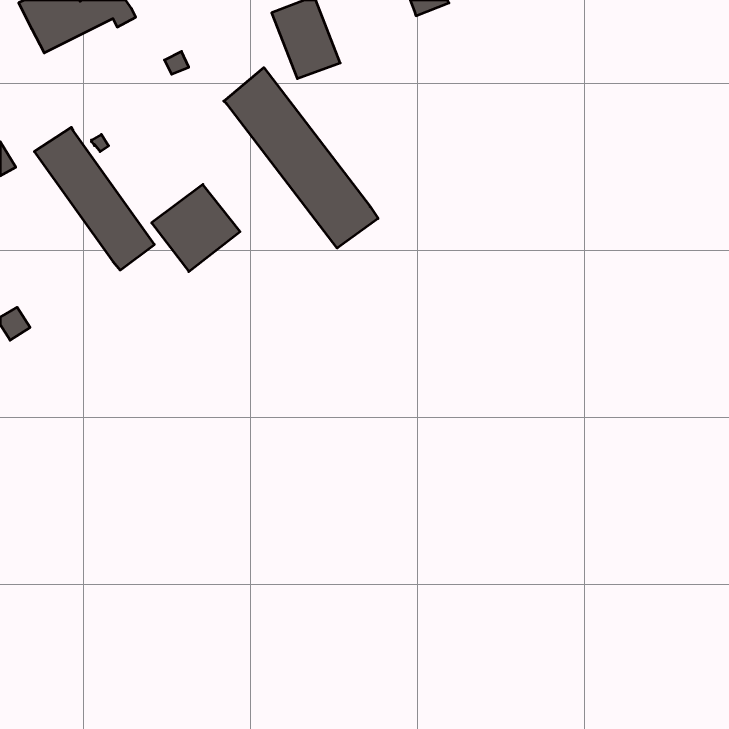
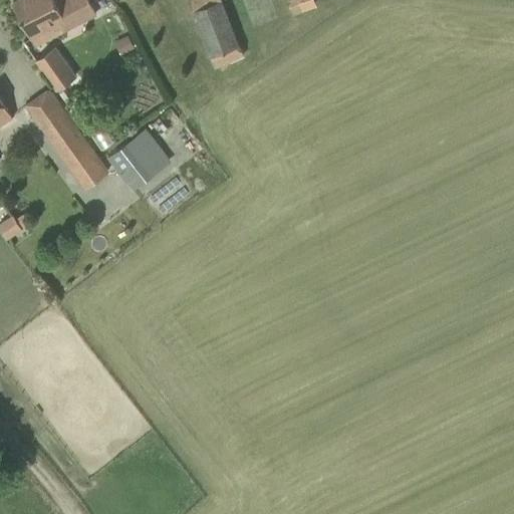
building: none -> [35,48,75,90]
building: [224,68,378,248] -> none

